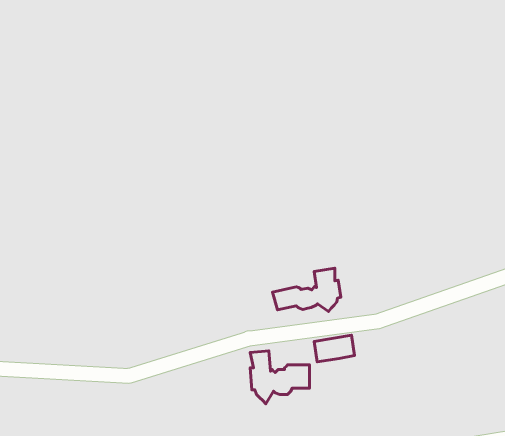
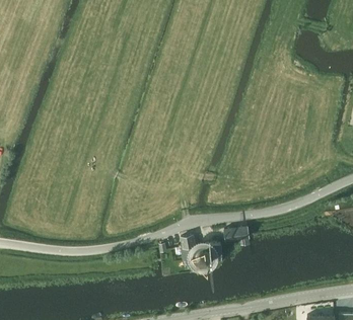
building: [273,268,341,311] -> none

